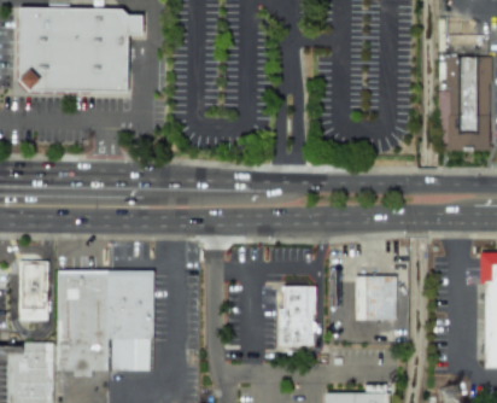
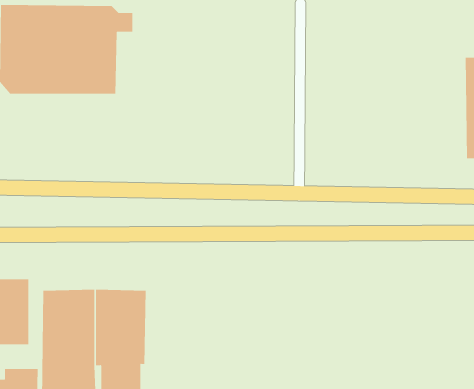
building: [356,274,397,320] -> none
building: [280,280,316,345] -> none

